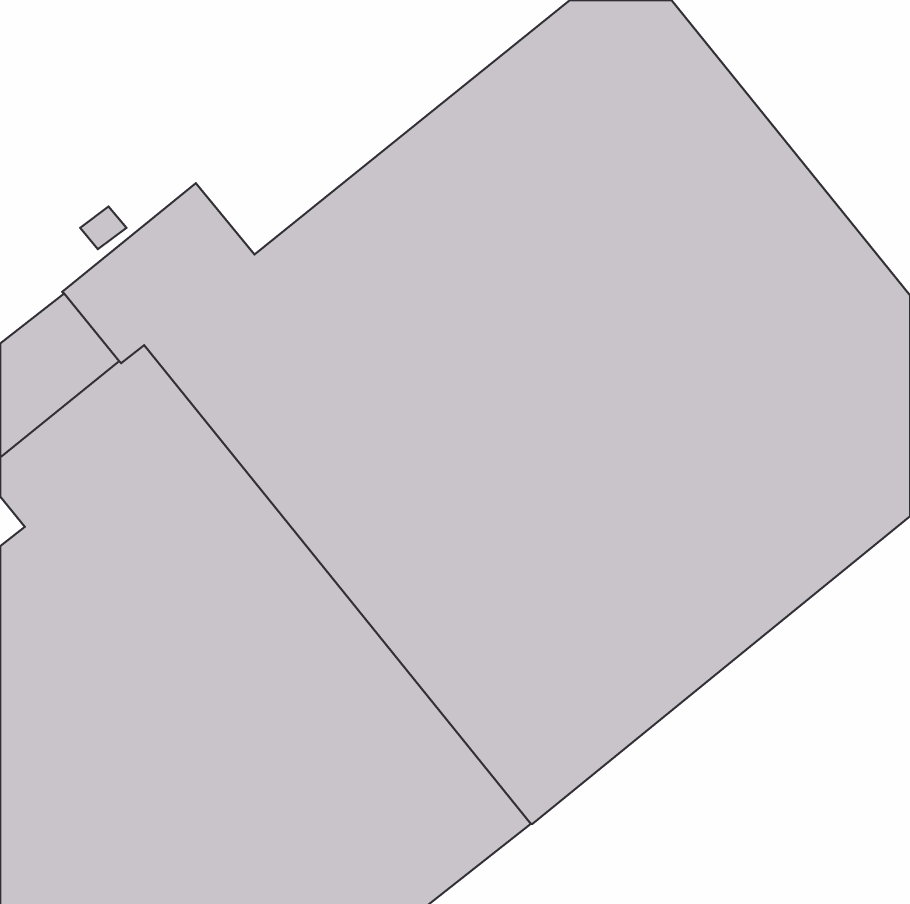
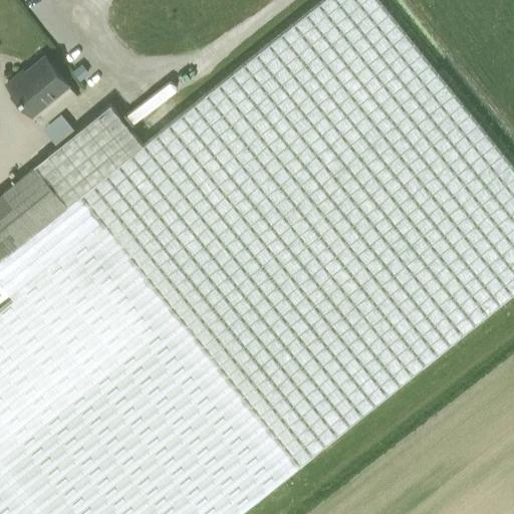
building: none -> [7,59,70,119]

